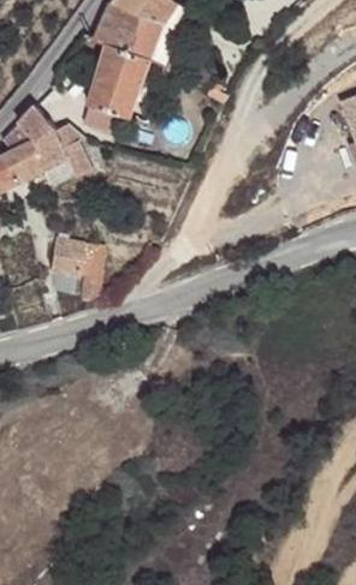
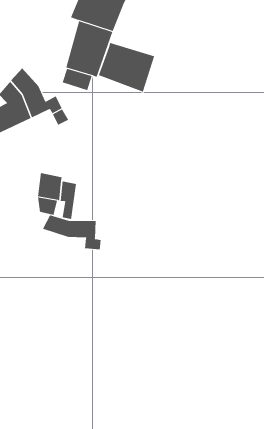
building: none -> [99,42,155,92]
building: none -> [42,215,101,250]

